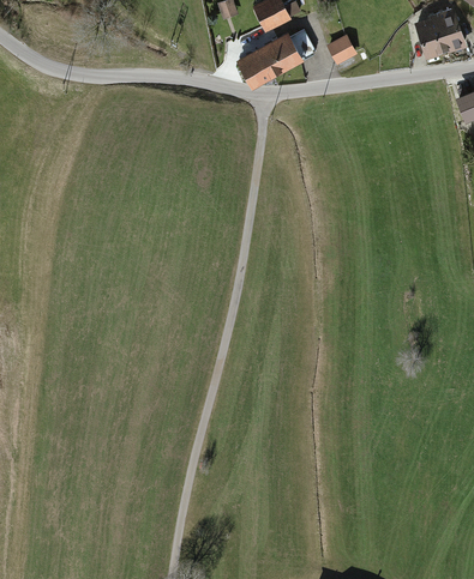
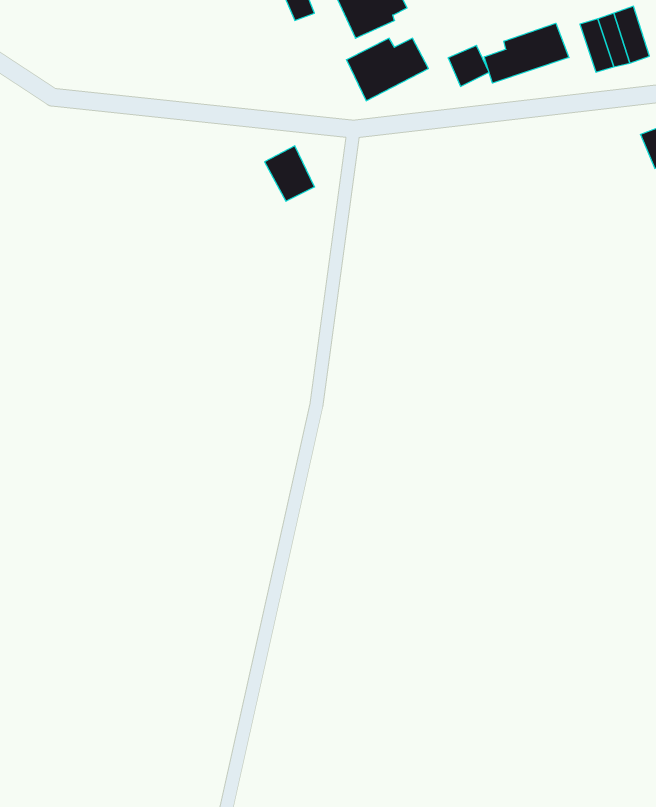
building: none -> [484,23,569,83]
building: [239,47,272,84] -> [265,146,315,201]

